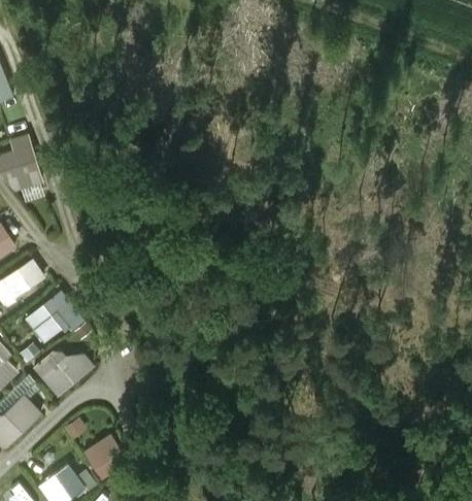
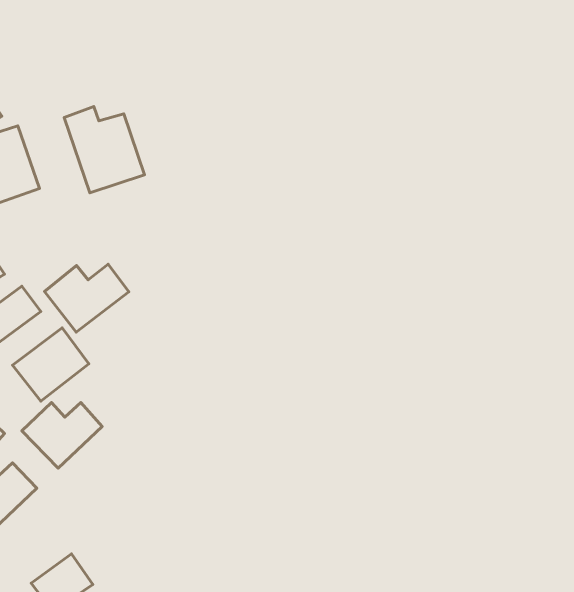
building: none -> [64,107,145,193]
building: none -> [45,264,129,332]
building: [82,434,128,480] -> none

